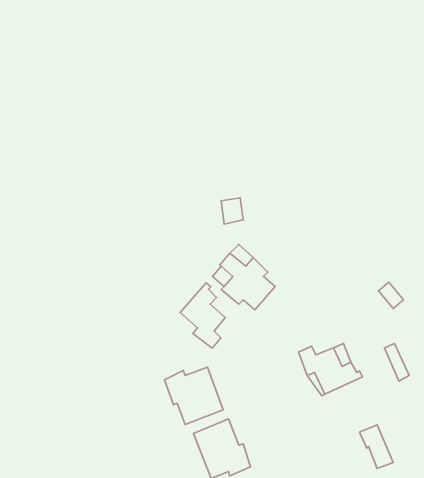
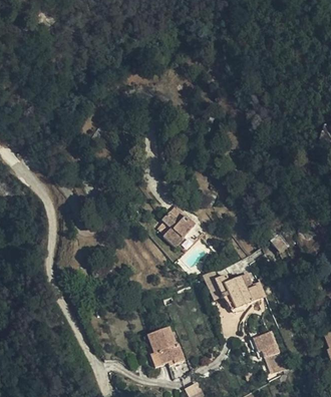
building: [180,283,225,348] -> none
building: [165,367,223,425] -> none

